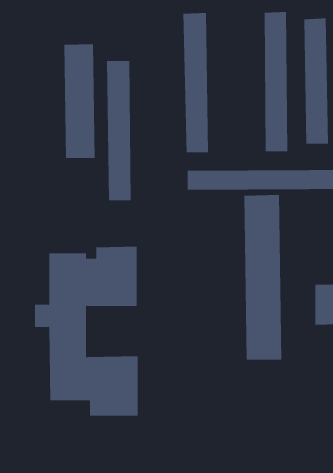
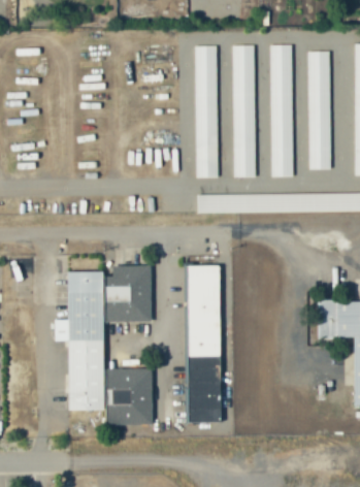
building: [64,44,95,159] -> none
building: [106,60,131,201] -> [232,45,256,177]
building: [244,194,282,360] -> [186,265,222,421]

